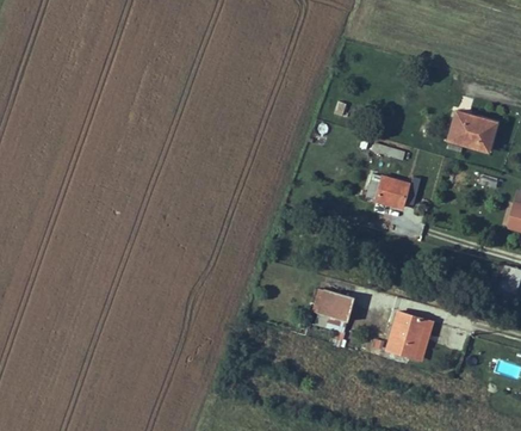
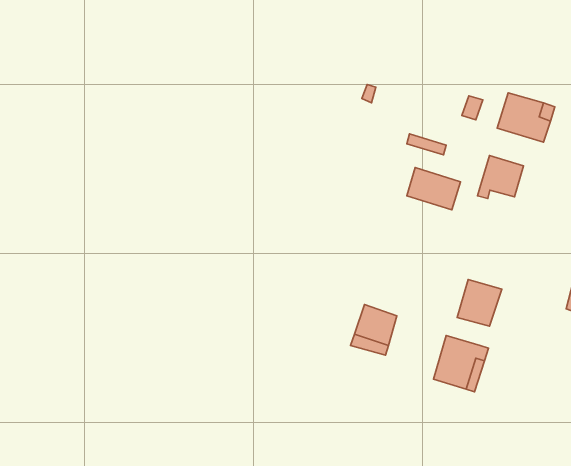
building: none -> [478,155,524,198]
building: none -> [457,279,502,326]

